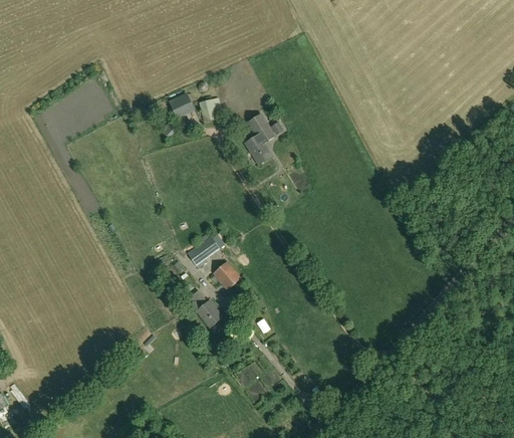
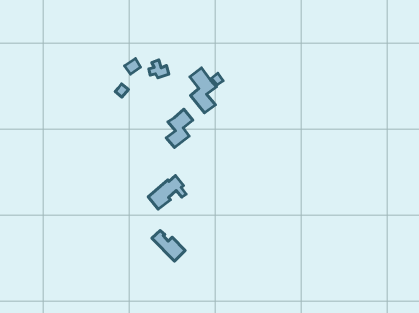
building: none -> [166,109,193,148]
building: [211,260,239,288] -> none

